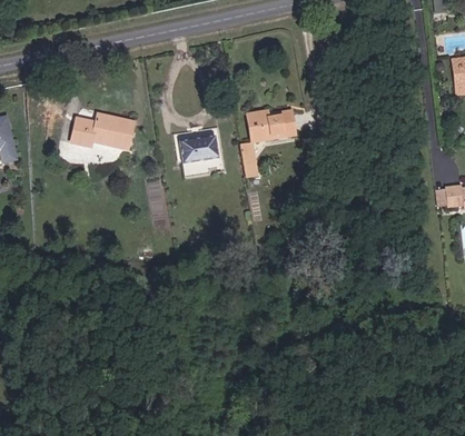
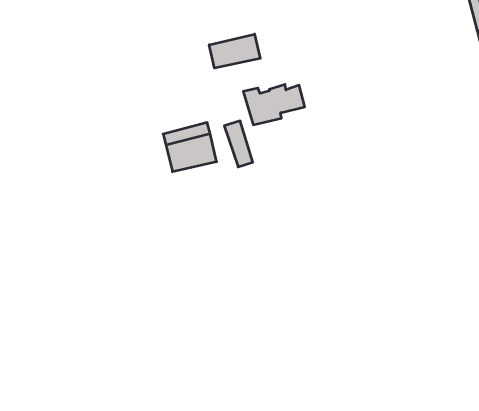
building: none -> [209,34,260,68]
building: [75,116,137,151] -> none

